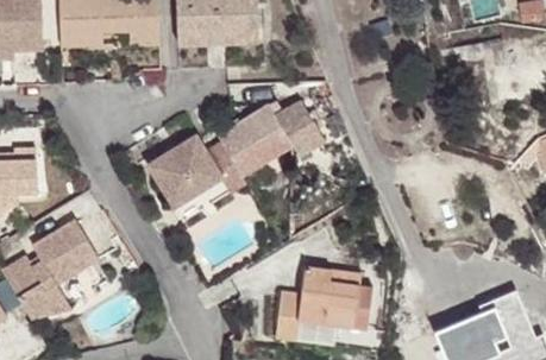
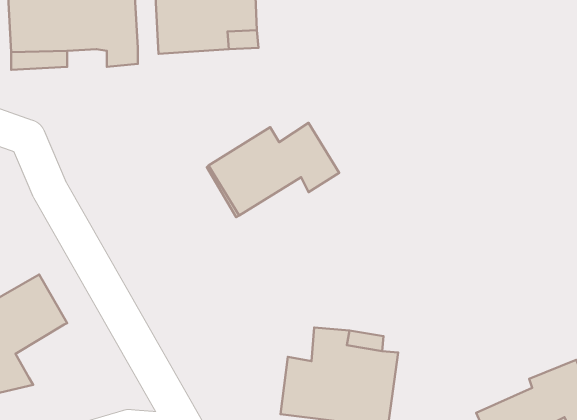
building: [148,137,221,208] -> none

